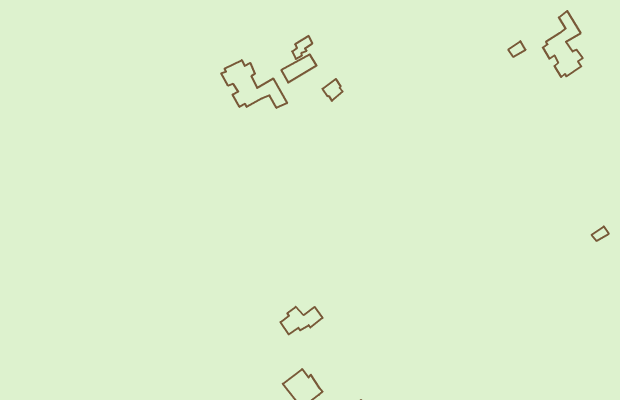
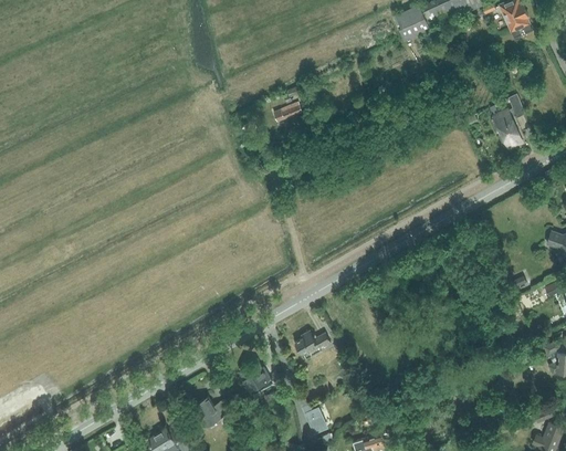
building: [221,60,287,108] -> none
building: [280,307,323,334] -> [295,332,331,354]

